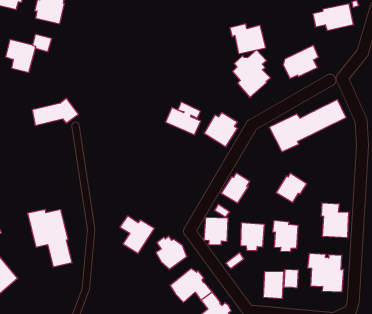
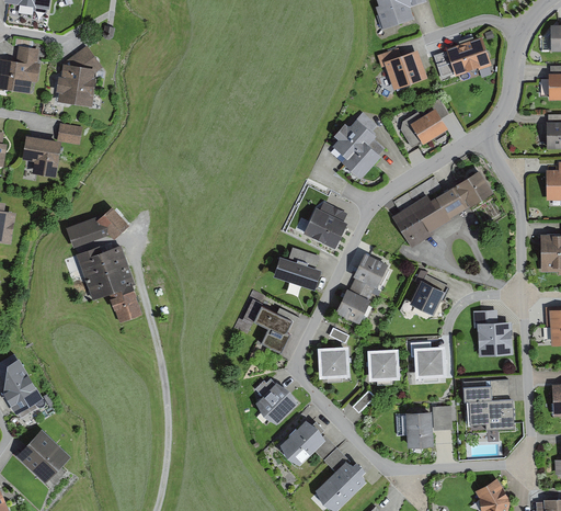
building: [230,24,266,54] -> [378,48,430,90]
building: [165,102,201,135] -> [274,247,322,289]
building: none -> [353,252,389,293]
building: [27,210,72,267] -> [77,245,145,323]
building: [120,216,154,253] -> [253,305,300,354]

